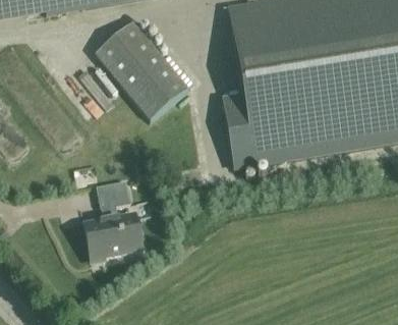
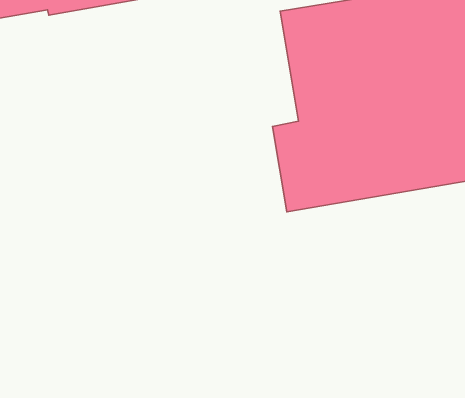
building: [83,16,186,120] -> none
building: [84,180,143,259] -> none

